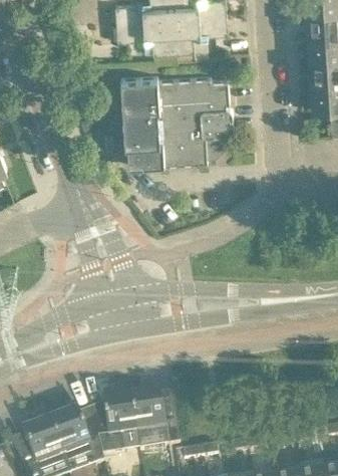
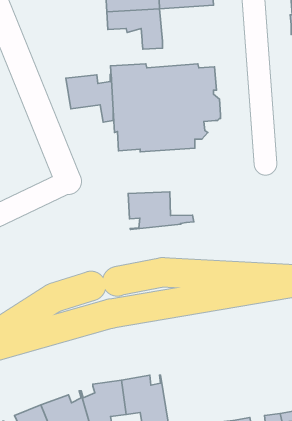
building: [168,14,225,51] -> none
building: none -> [66,74,113,122]
building: none -> [128,192,194,229]

